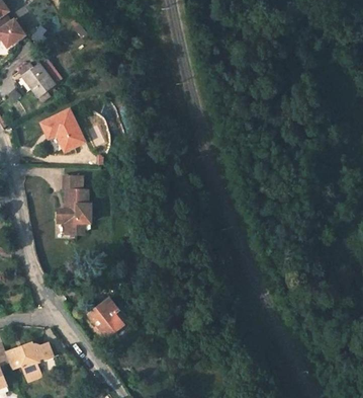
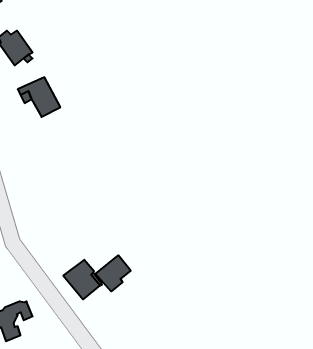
building: [59,177,89,233] -> none
building: none -> [96,255,131,291]

